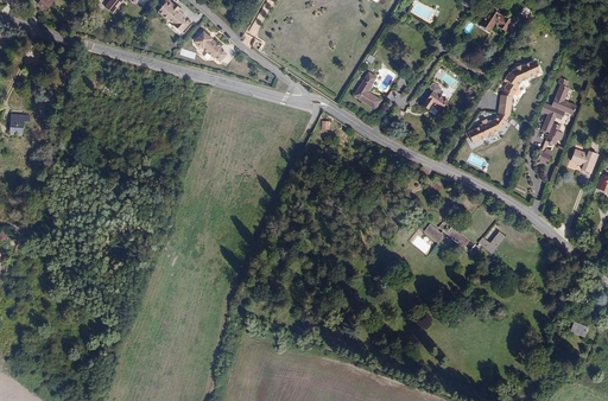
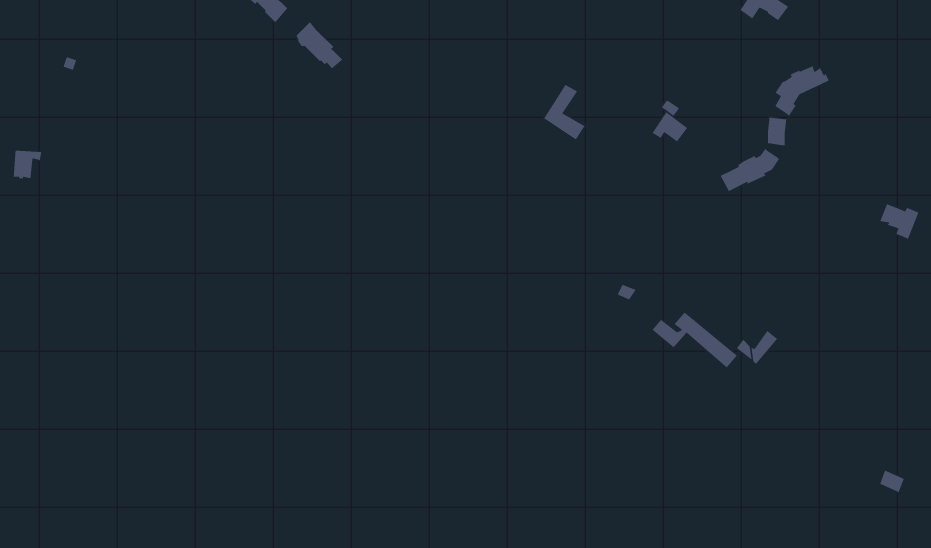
building: [537,76,576,164] -> none

